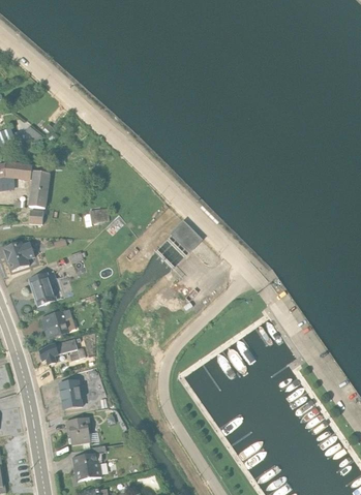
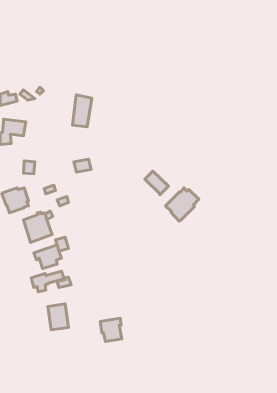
building: [27,168,50,207] -> [73,95,92,127]
building: none -> [166,188,199,221]
building: [64,417,90,445] -> [100,318,122,342]
building: [71,454,101,481] -> none

